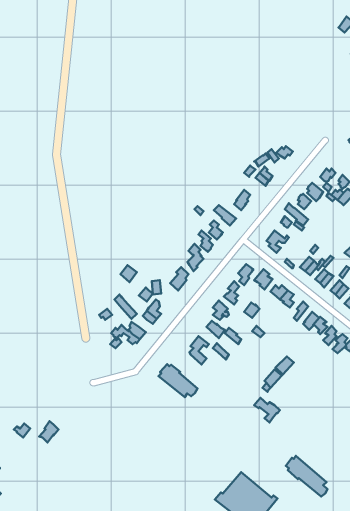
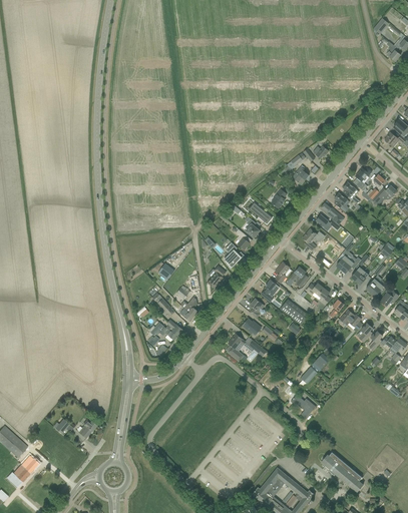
building: [159,364,197,397] -> none

